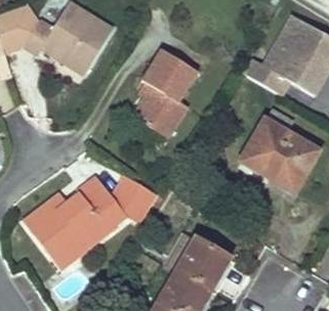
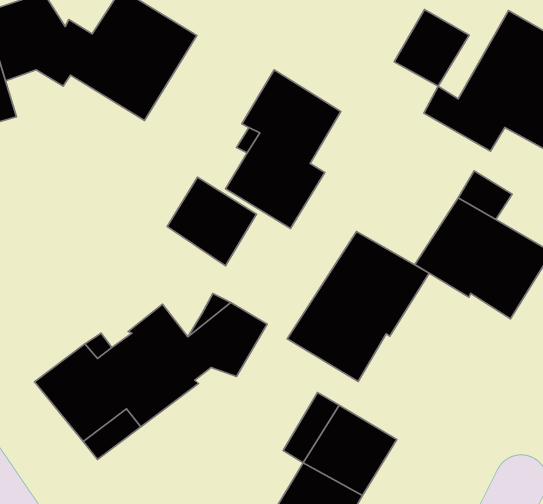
building: none -> [394,10,469,86]
building: none -> [167,177,256,266]
building: none -> [287,232,429,381]

